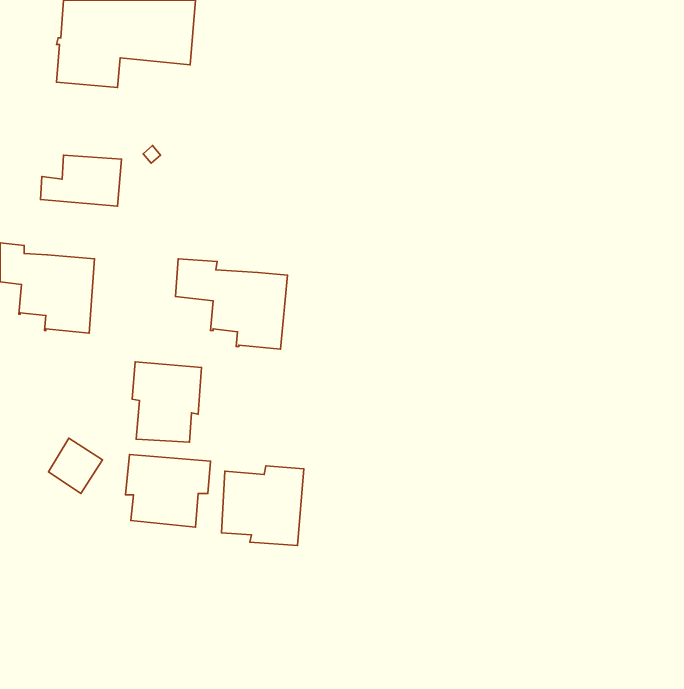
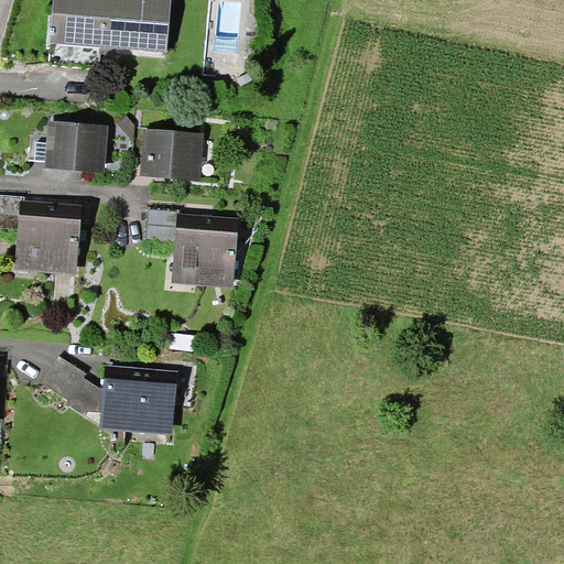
building: none -> [134,129,199,177]
building: [132,362,201,442] -> none
building: [221,466,304,546] -> none

